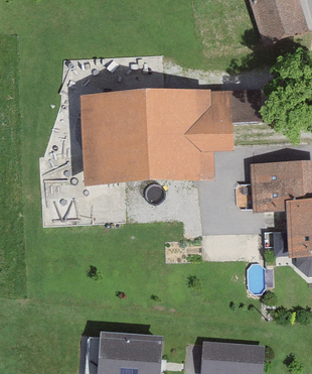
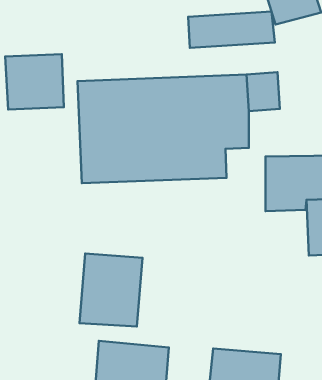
building: none -> [188,12,275,48]
building: none -> [5,54,64,109]
building: none -> [79,253,142,326]

